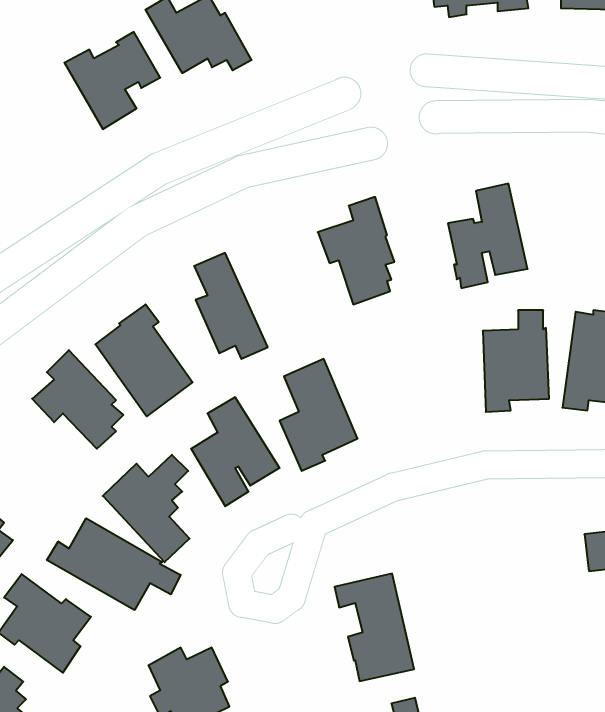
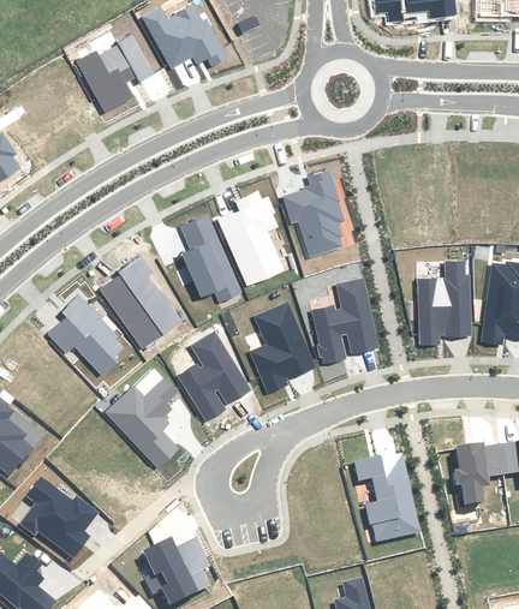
building: [448,184,528,288] -> [312,279,377,364]
building: none -> [217,191,284,286]
building: [47,518,181,610] -> none
building: none -> [457,442,502,502]
building: [335,574,414,681] -> [354,453,419,541]

